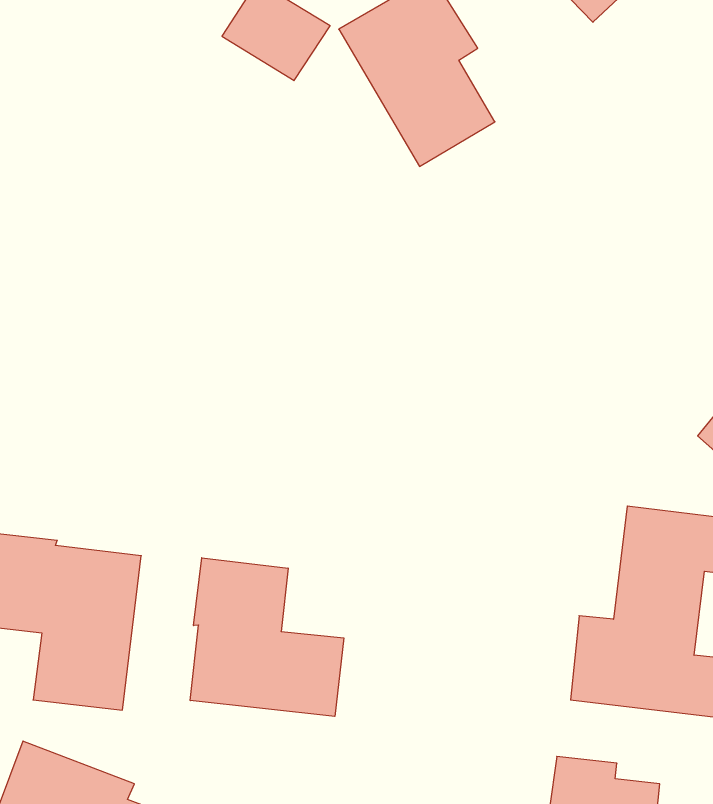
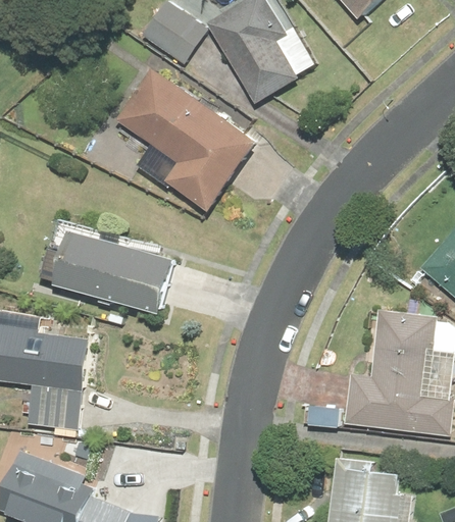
building: none -> [116,69,259,214]
building: none -> [55,229,179,313]
building: [190,558,344,716] -> none

